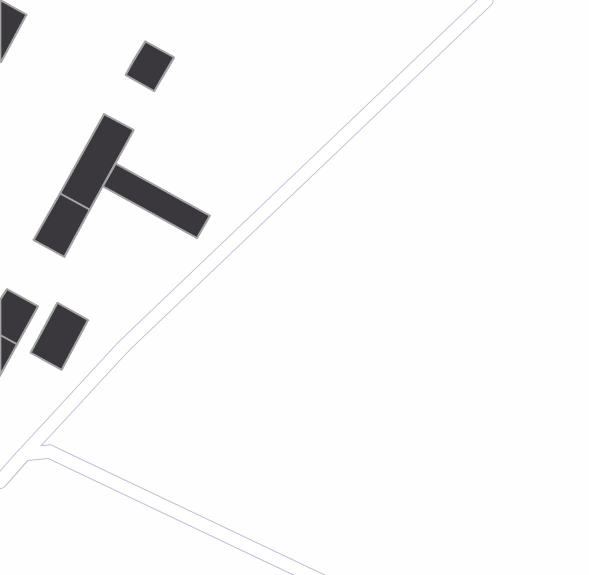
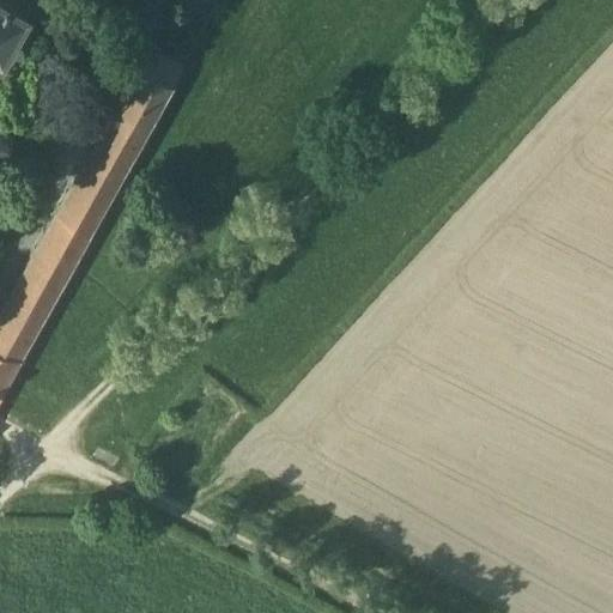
building: none -> [108,92,160,150]
building: [103,164,210,238] -> none
building: [31,303,88,370] -> [7,263,67,333]

